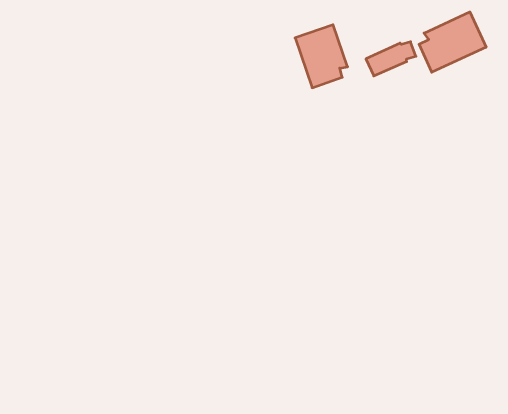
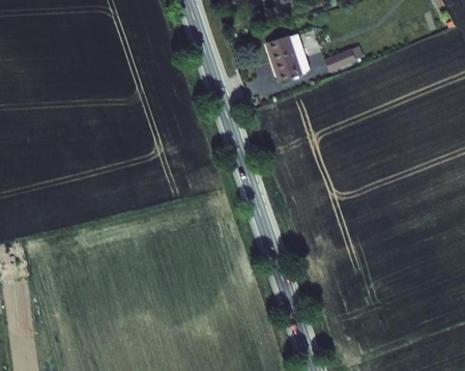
building: [419,12,486,72] -> none

